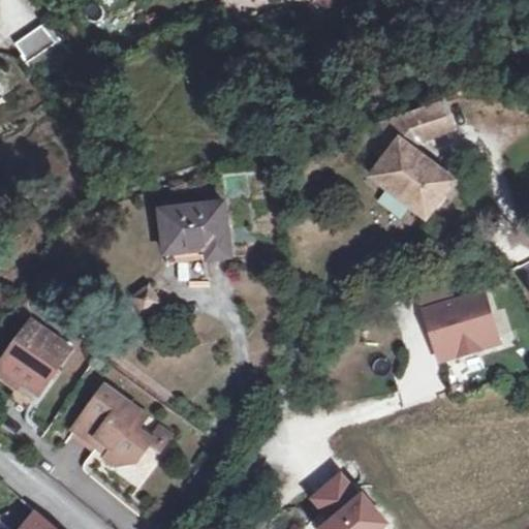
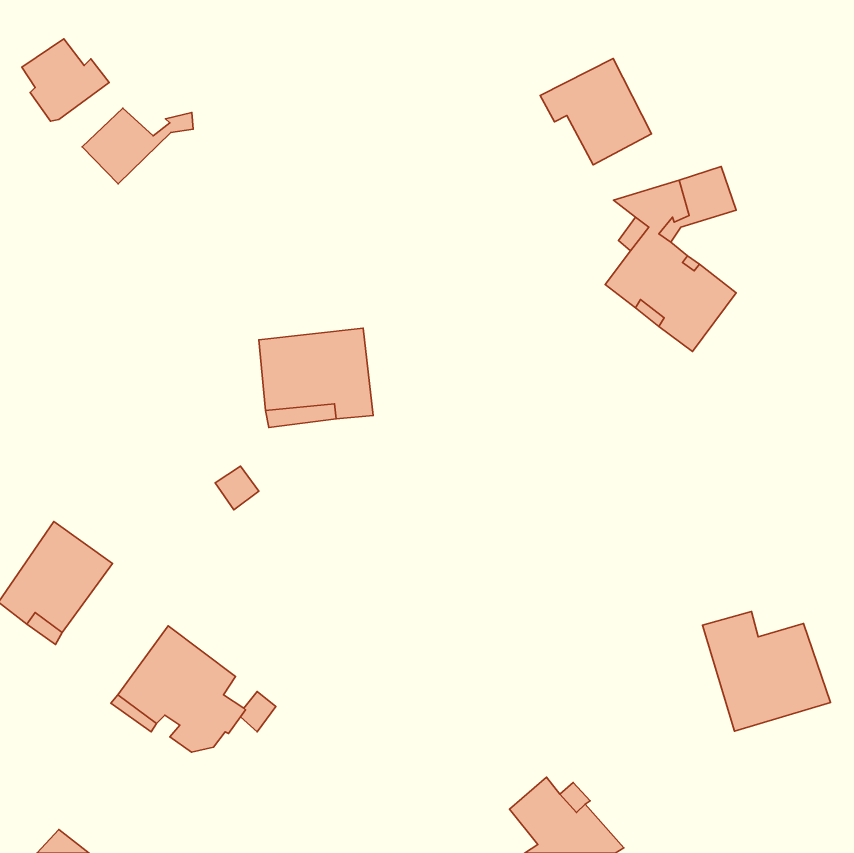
building: none -> [540,59,651,165]
building: none -> [82,108,193,184]
building: [418,285,497,359] -> [703,612,830,731]

